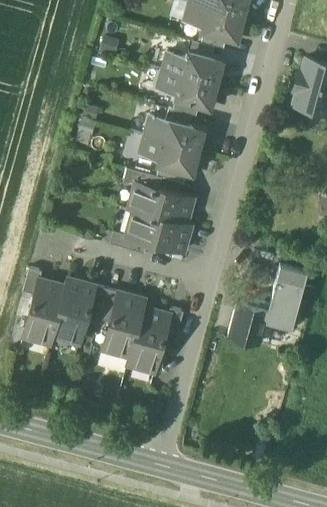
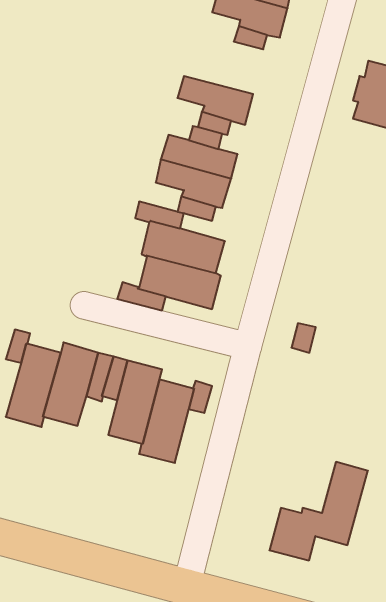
building: [162,52,223,84] -> none
building: [229,266,306,343] -> [269,462,368,560]

